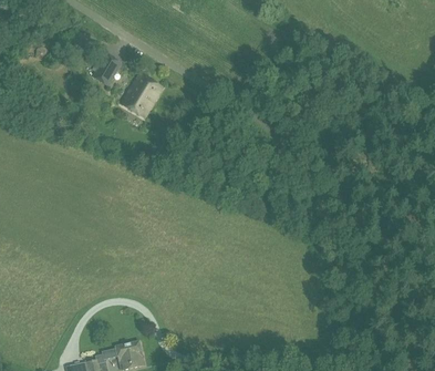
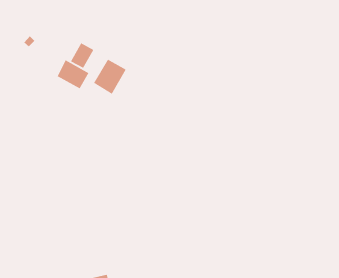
building: none -> [57,59,89,89]

